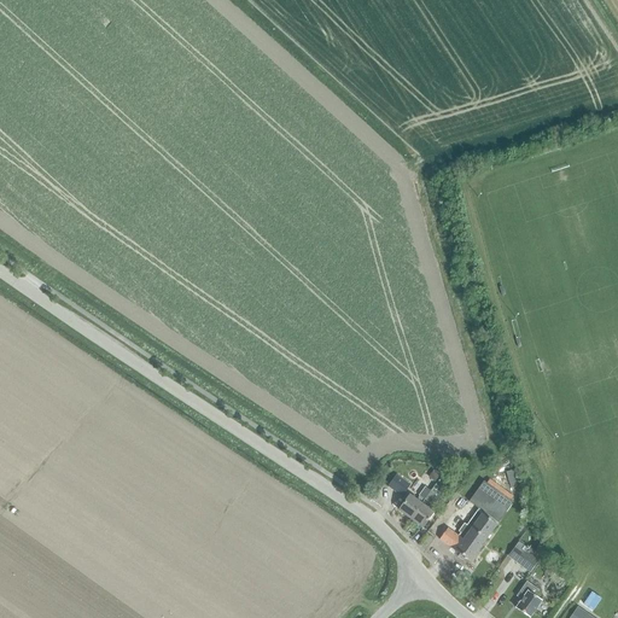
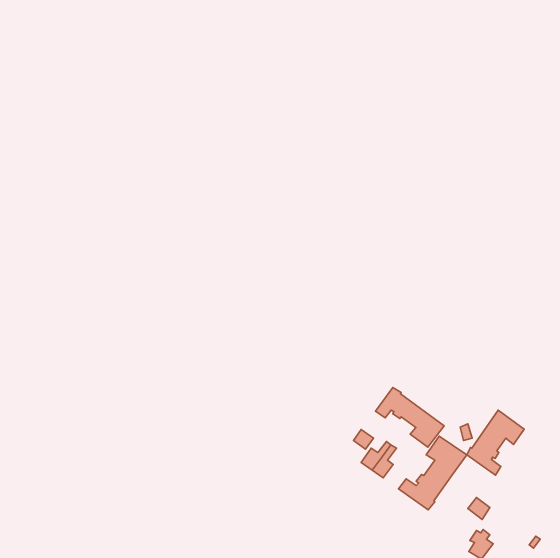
building: none -> [375,388,444,447]
building: none -> [467,410,524,475]

